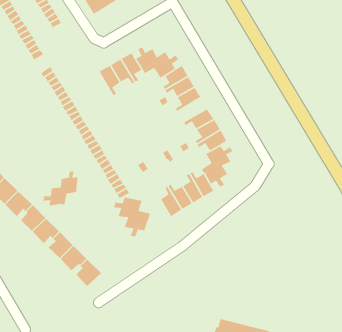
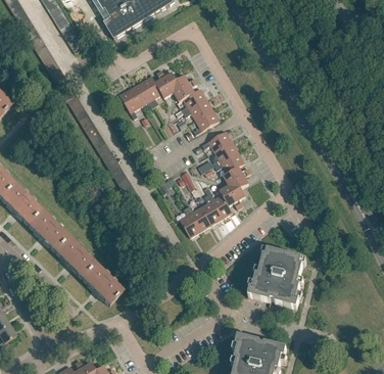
building: [43,170,79,206] -> none
building: [113,197,151,237] -> none
building: none -> [247,248,303,308]

